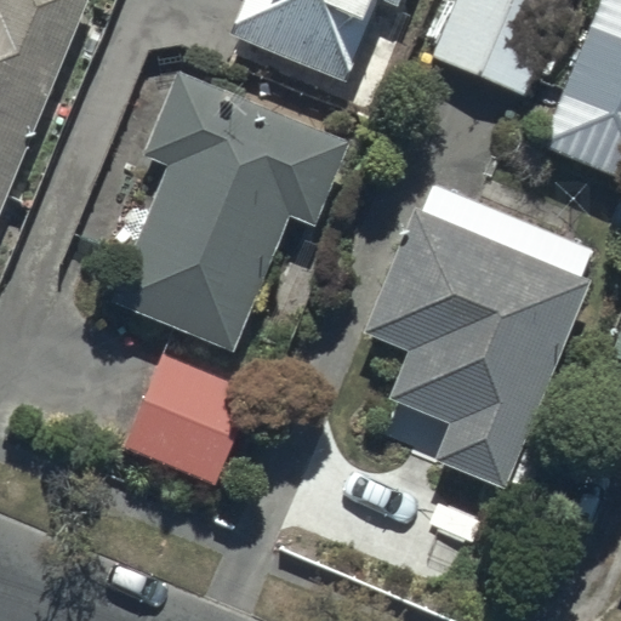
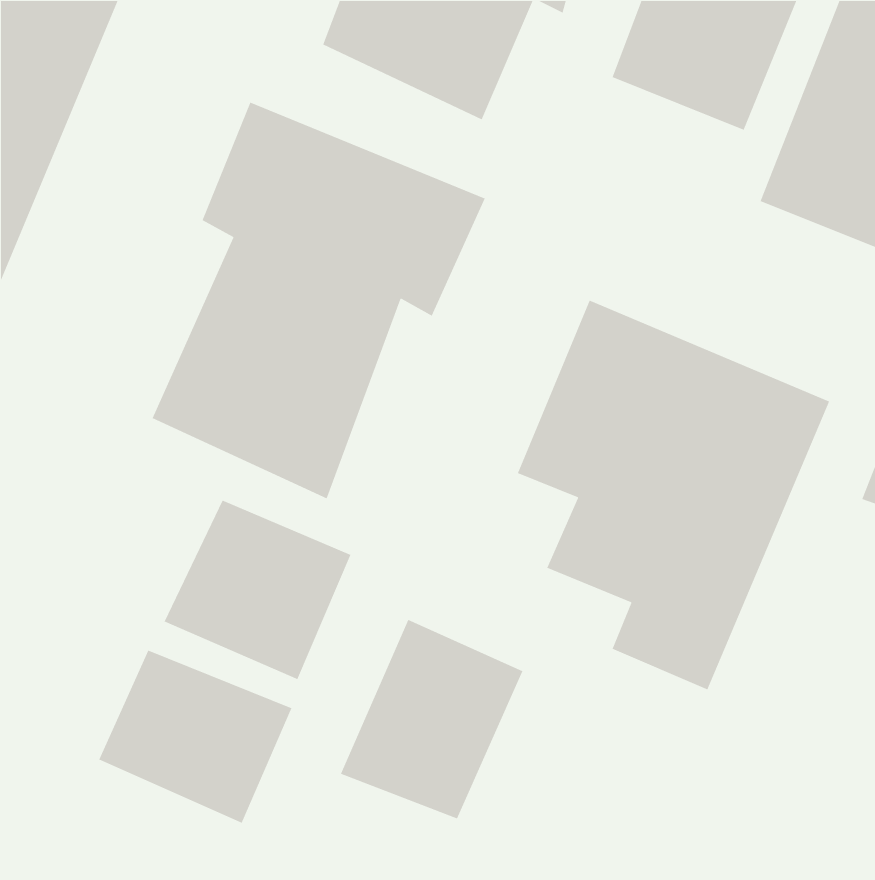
building: none -> [340,619,523,819]
building: none -> [98,649,293,824]

